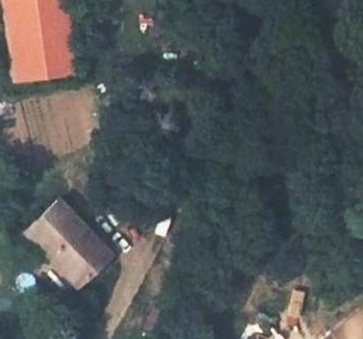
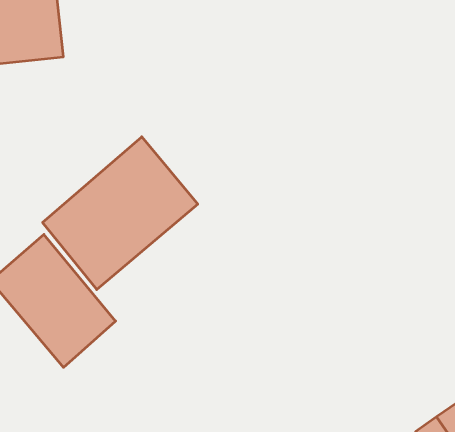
building: none -> [43,137,198,290]

